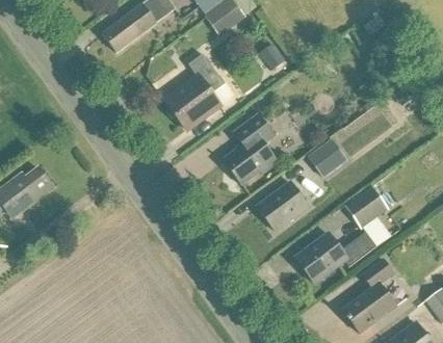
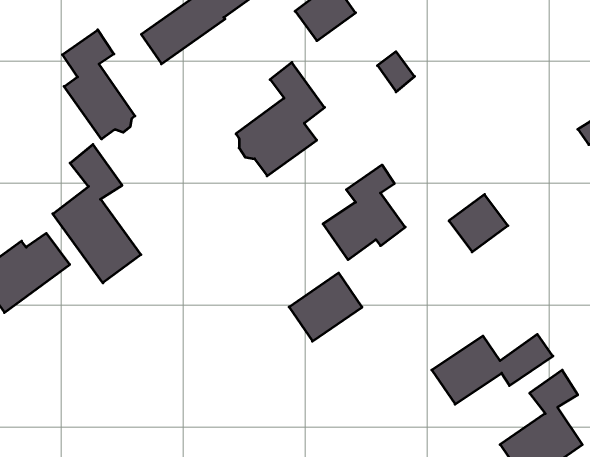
building: none -> [62,30,135,139]
building: none -> [53,144,141,283]
building: [258,181,307,227] -> [289,273,362,341]
building: [344,185,388,227] -> none

